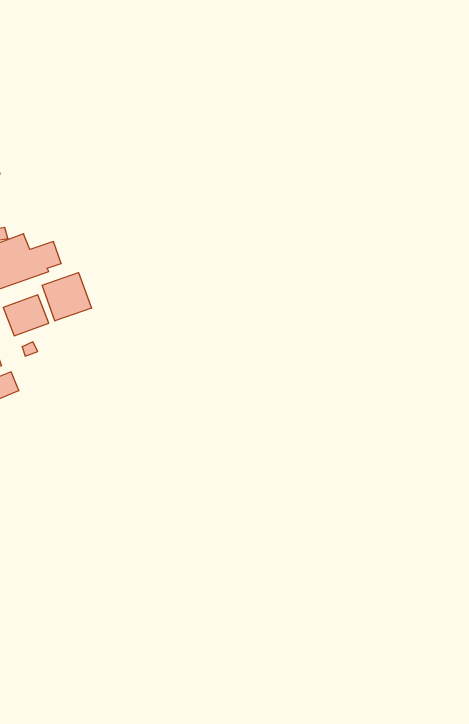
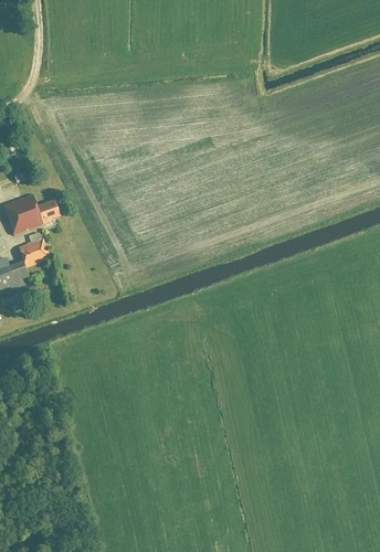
building: [42,273,92,321] -> none

